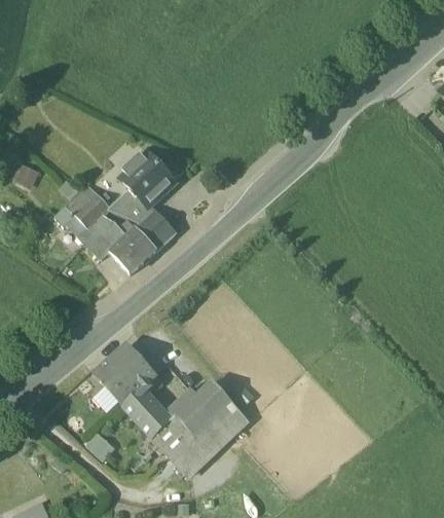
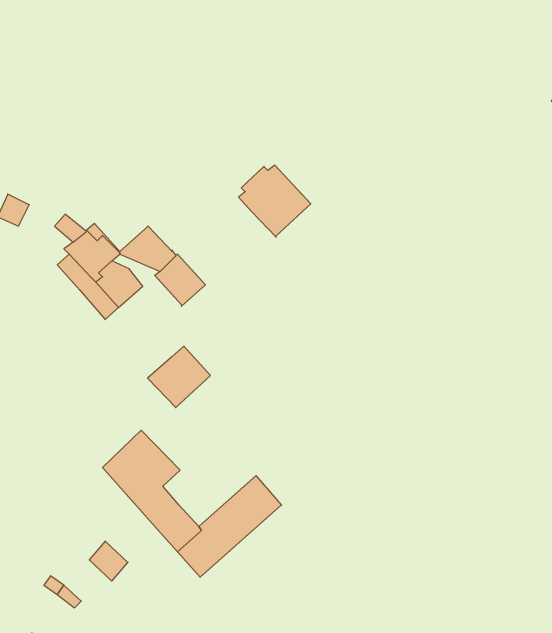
building: [121,152,177,208] -> [239,165,311,237]
building: [109,226,157,273] -> [148,346,210,408]
building: [172,403,249,476] -> none

